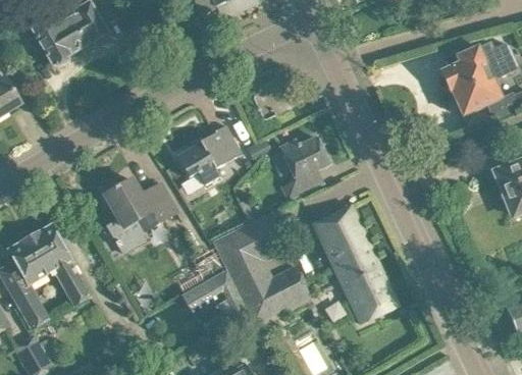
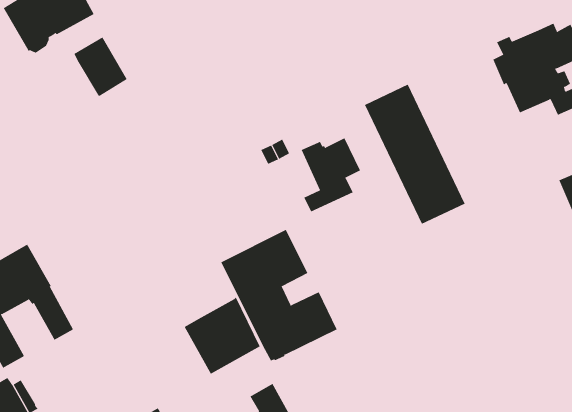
building: none -> [74,36,127,97]
building: [176,125,242,185] -> none
building: [105,178,176,252] -> none
building: [313,206,398,323] -> [364,84,465,224]

